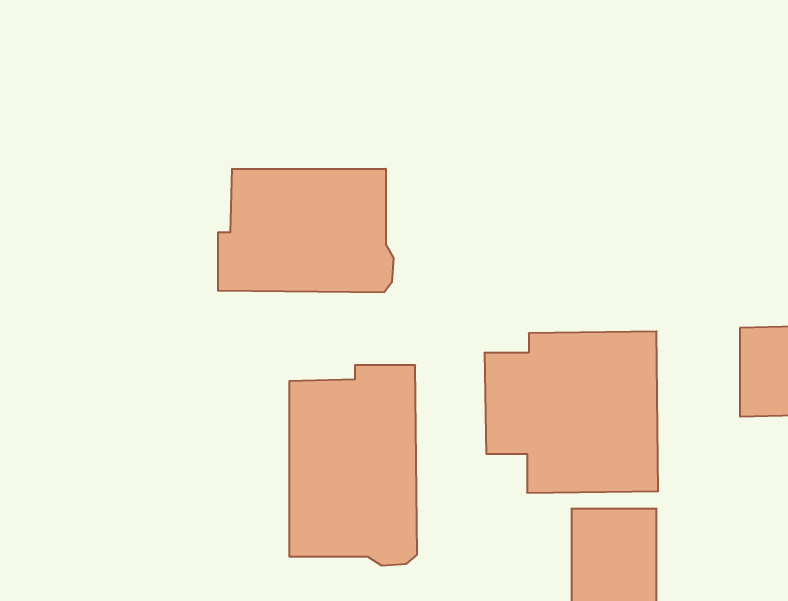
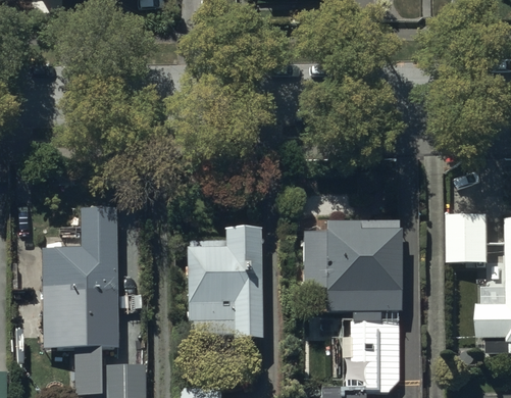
building: [218,169,393,292] -> none
building: none -> [38,216,117,356]

